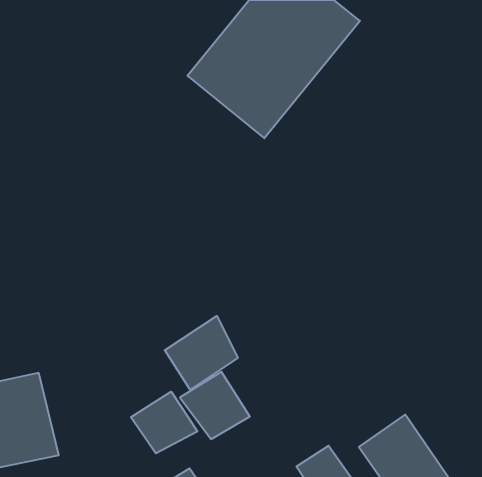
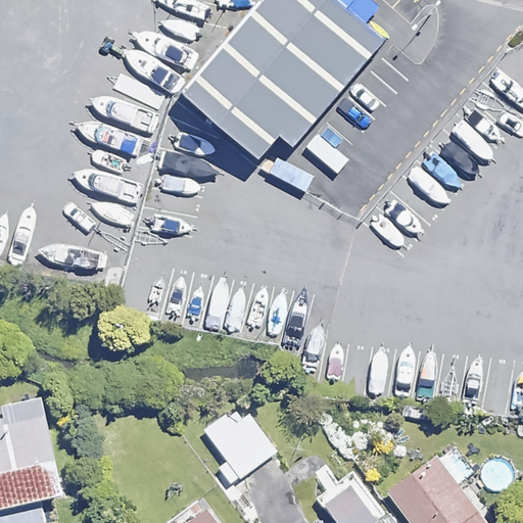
building: [165,316,238,390] -> none
building: [131,392,197,453] -> none

